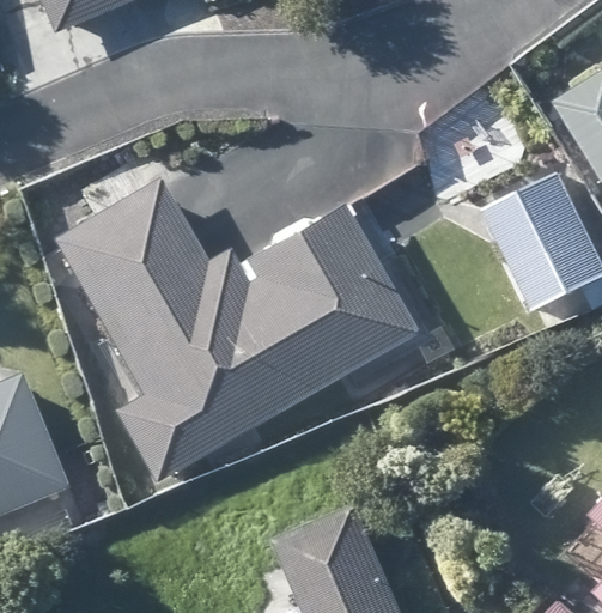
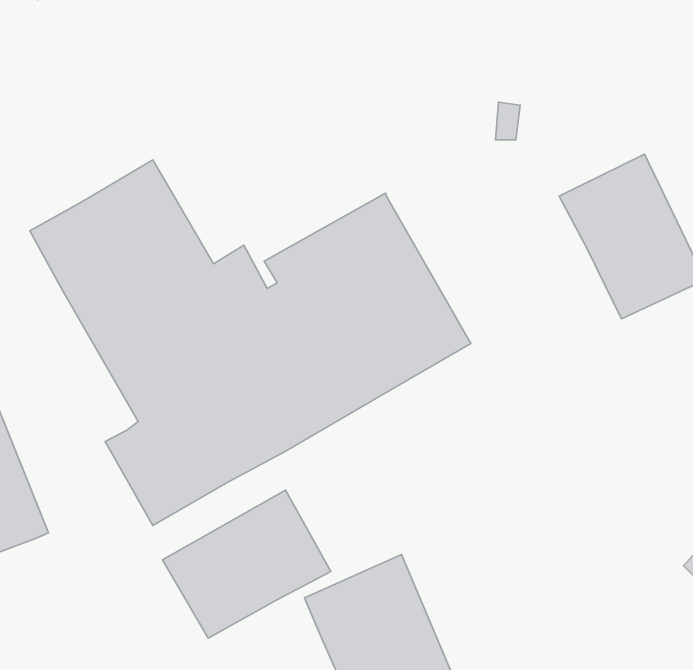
building: none -> [162,490,331,638]

